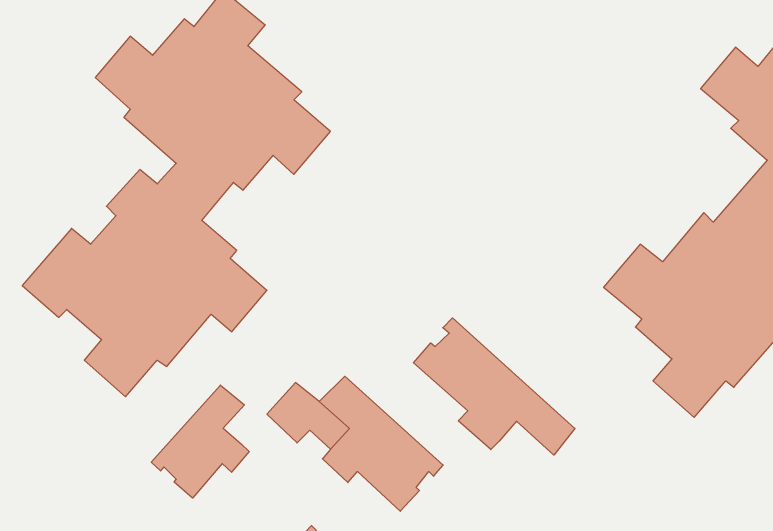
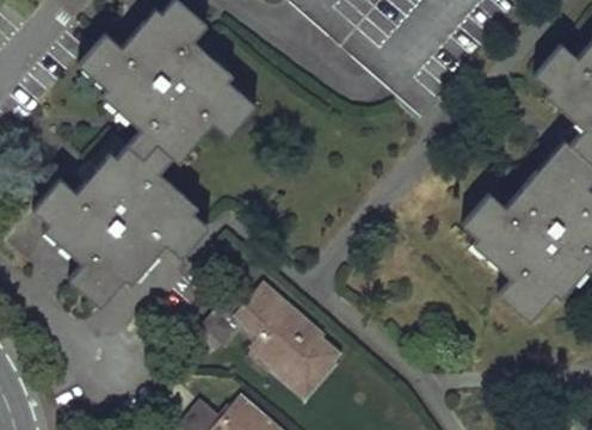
building: [413,318,575,455] -> none
building: [151,385,249,498] -> none

